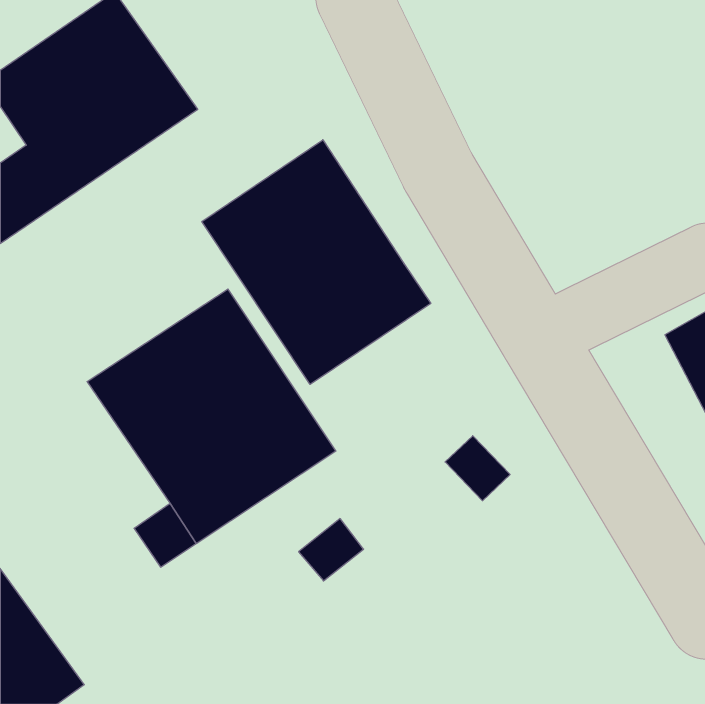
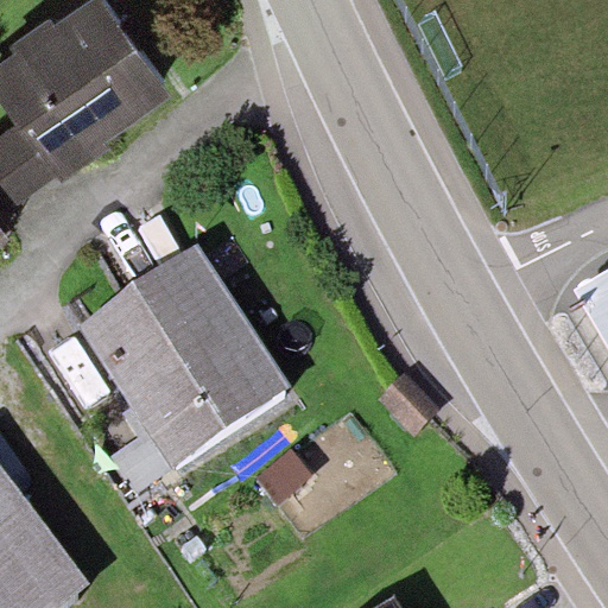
building: [202,140,431,384] -> none

